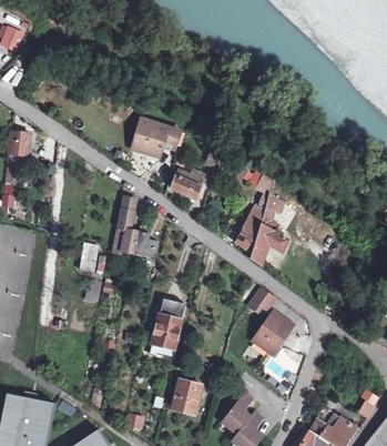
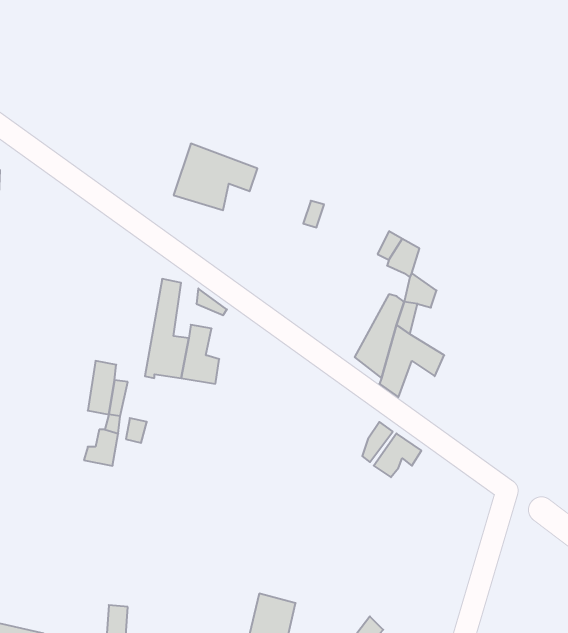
building: [172,171,203,201] -> none
building: [152,300,184,349] -> none
building: [251,311,293,355] -> none

